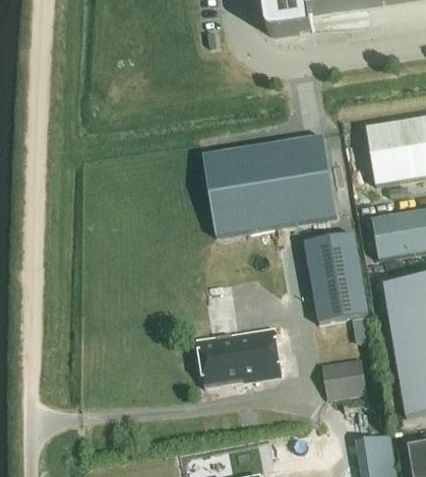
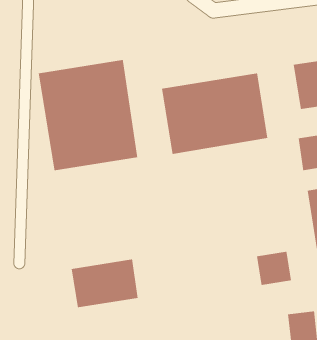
building: none -> [38,59,138,171]
building: [305,230,367,319] -> none
building: [195,327,280,388] -> [71,259,138,308]

